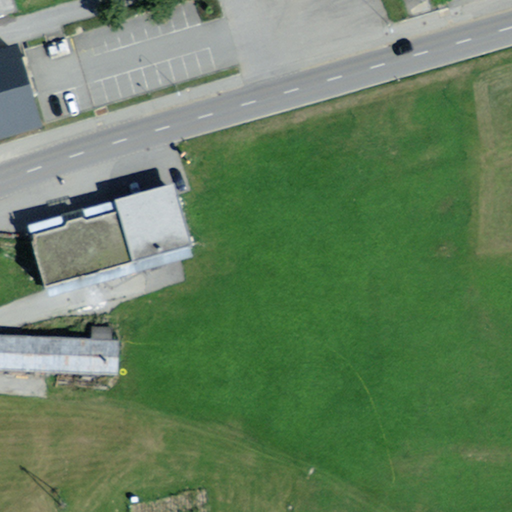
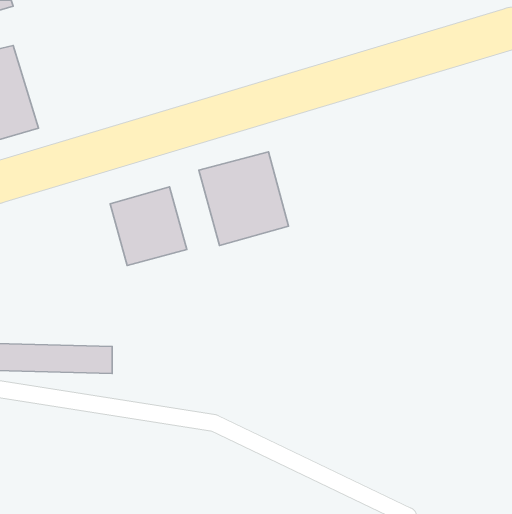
building: none -> [199,152,289,245]
building: [30,204,126,287] -> none

